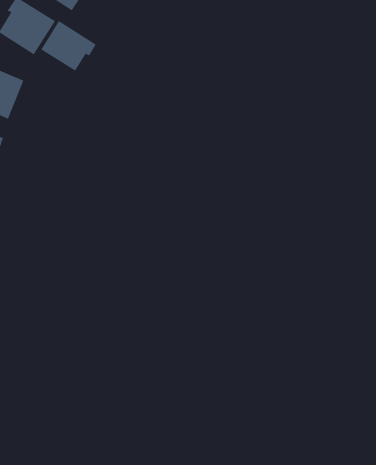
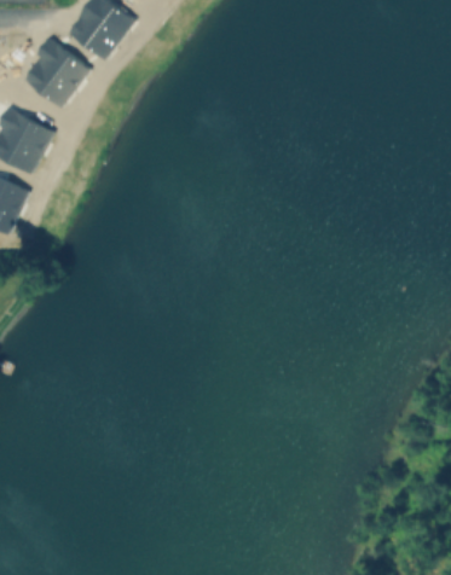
building: [41,20,97,72] -> none

